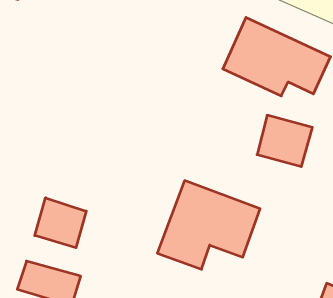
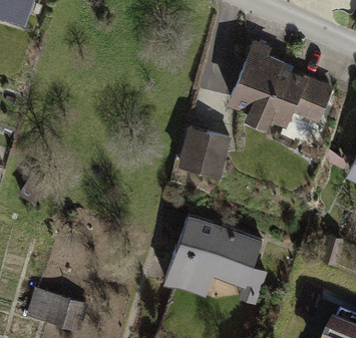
building: [257,115,312,167] -> [177,126,233,178]
building: [35,198,86,248] -> none

